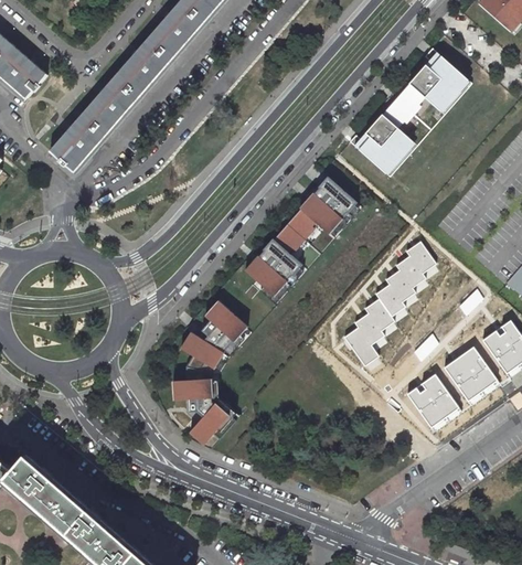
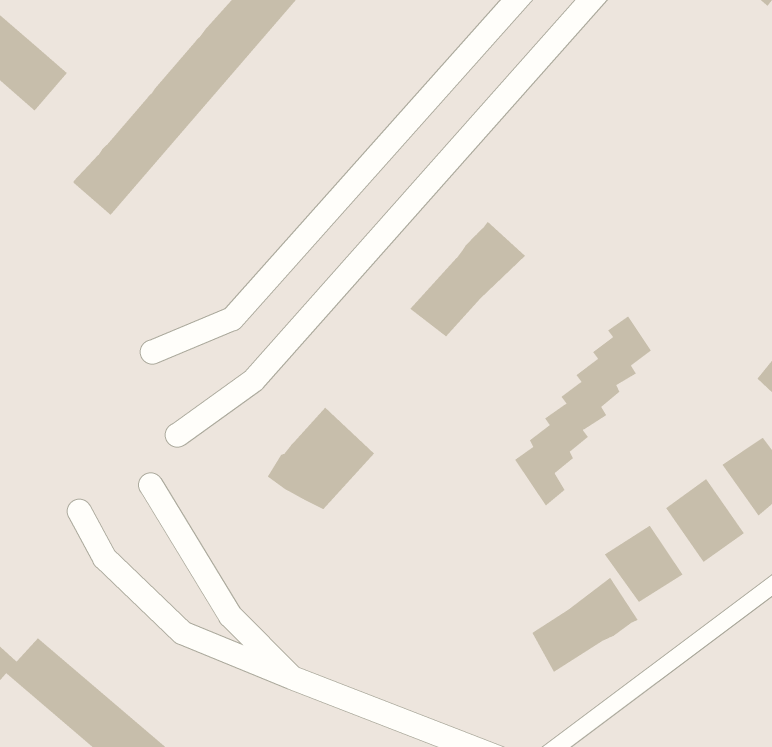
building: [349,47,470,175] -> none
building: [244,235,308,298] -> none
building: [171,375,236,446] -> none
building: none -> [531,577,639,673]

